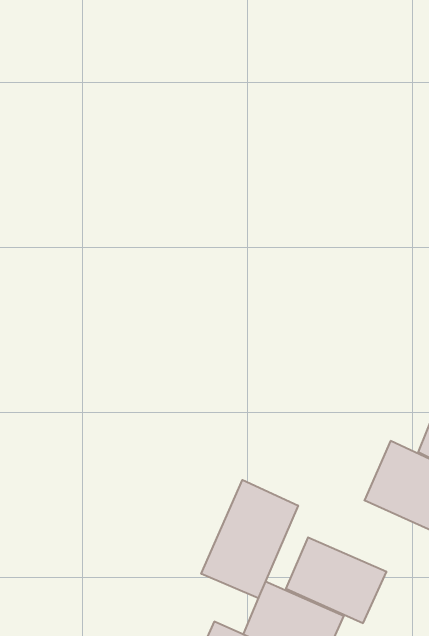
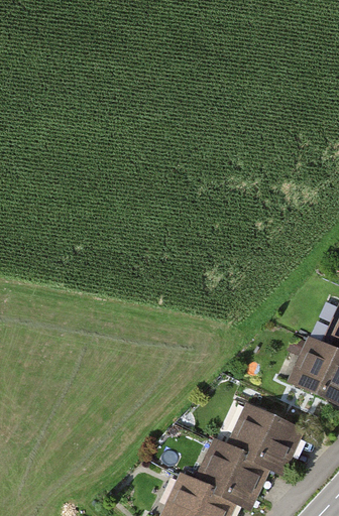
building: [201,480,298,598] -> none

